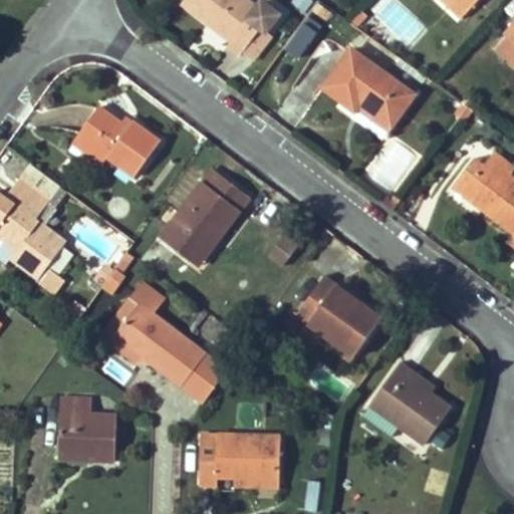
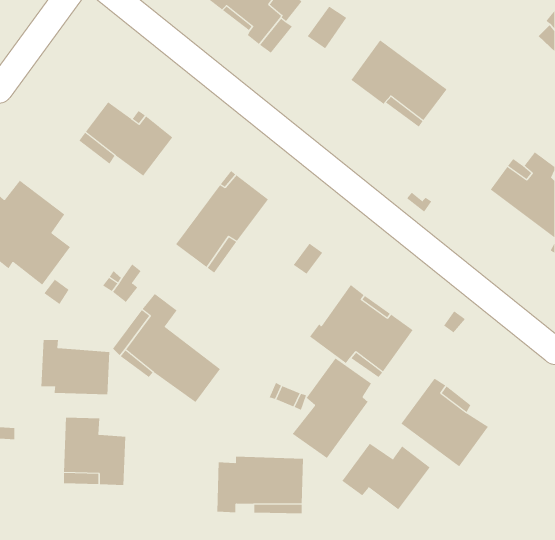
building: none -> [41,339,110,395]
building: none -> [292,357,372,459]
building: [181,353,226,402] -> none
building: none -> [342,443,430,510]

